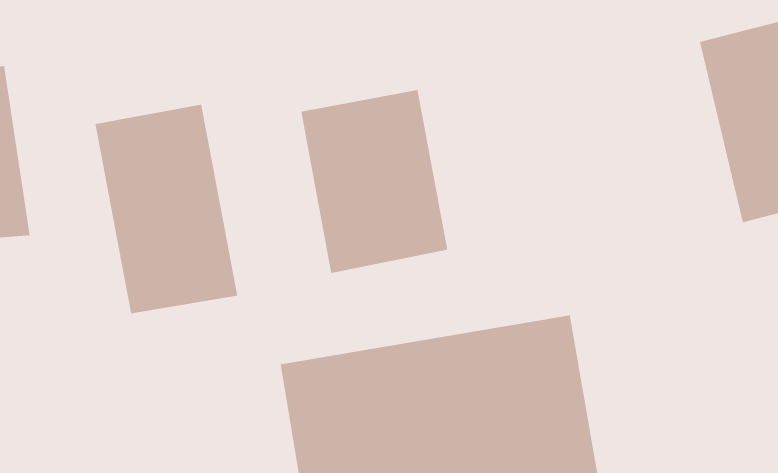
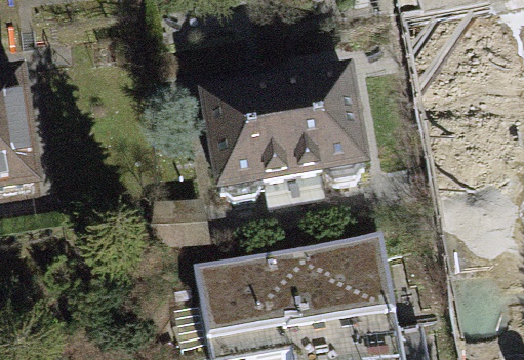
building: none -> [282,73,378,191]
building: [95,104,238,314] -> none

